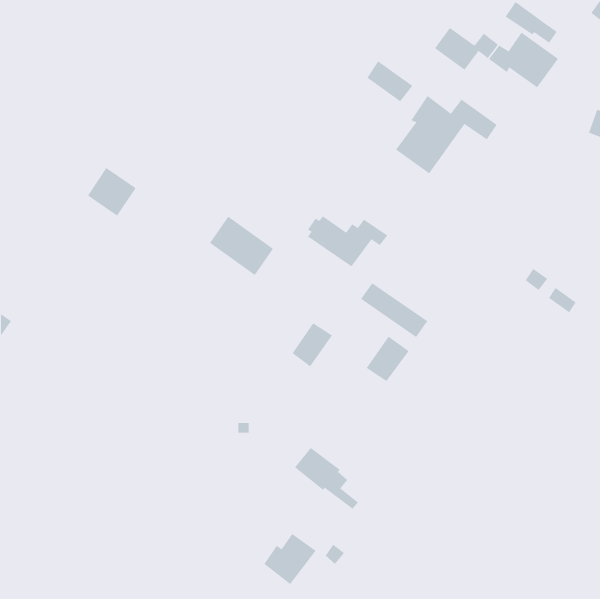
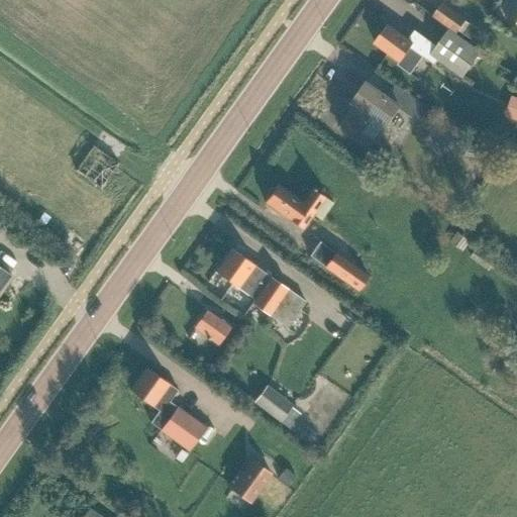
building: [367,61,413,102] -> none
building: [209,216,274,276] -> [214,248,270,300]
building: [366,336,409,382] -> [268,288,305,327]
building: none -> [194,311,228,344]
building: none -> [131,368,207,449]

